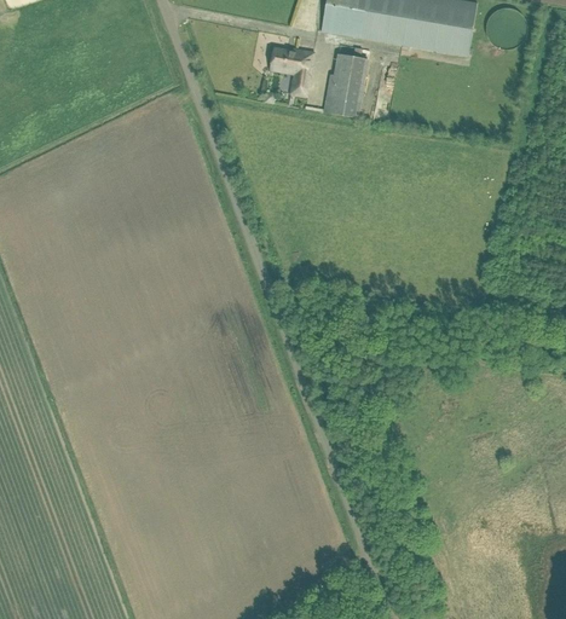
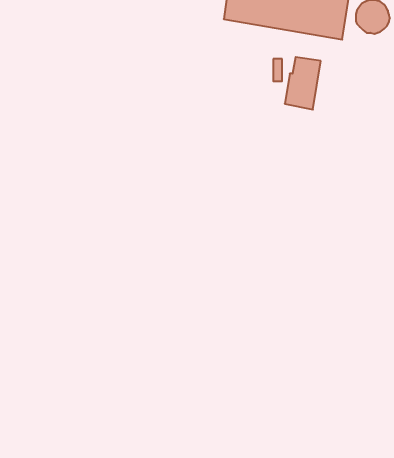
building: [270,46,314,96] -> none
building: [323,52,368,117] -> [285,57,321,110]

